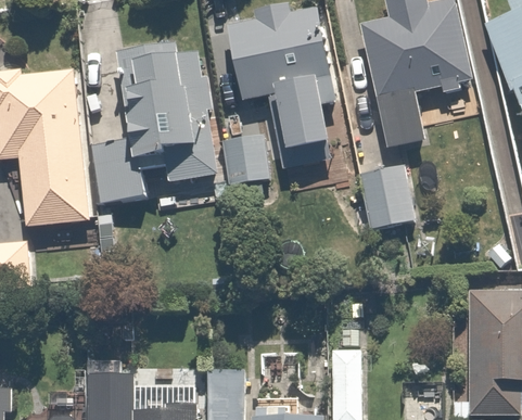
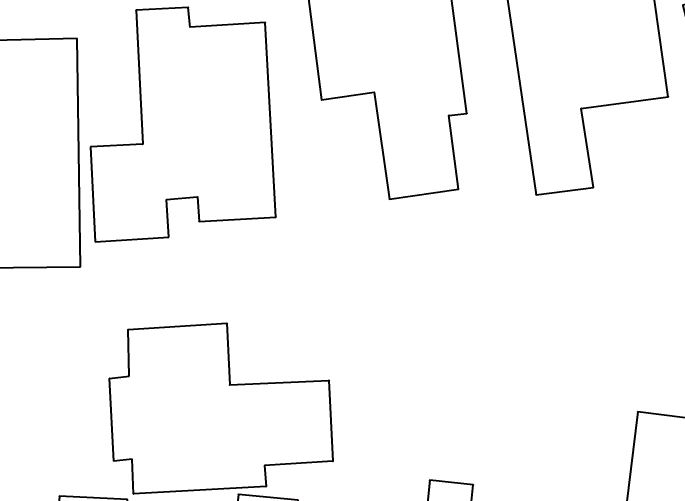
building: [219,131,270,188] -> none
building: [355,160,416,228] -> none
building: none -> [110,323,333,494]

